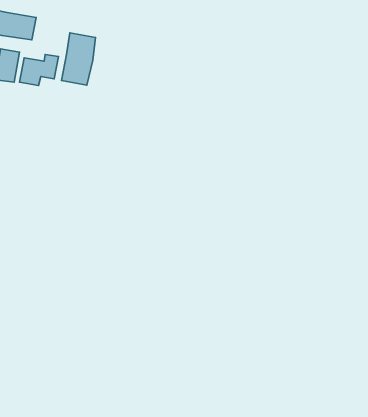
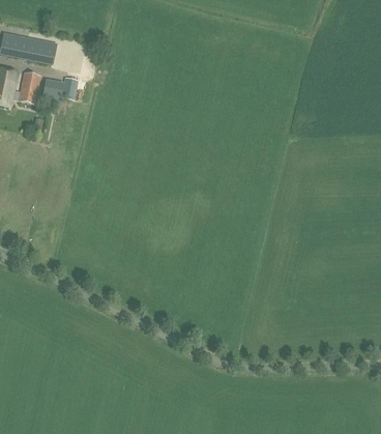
building: [61,33,95,85] -> none

